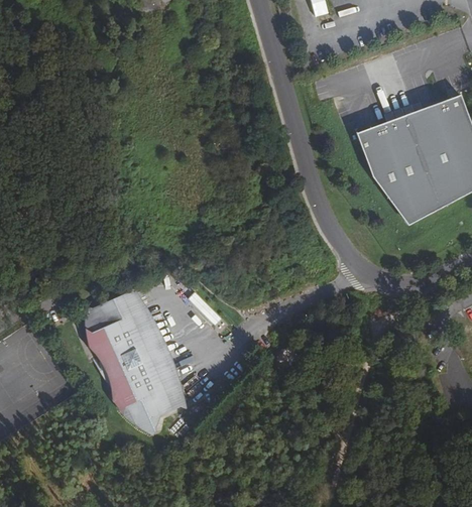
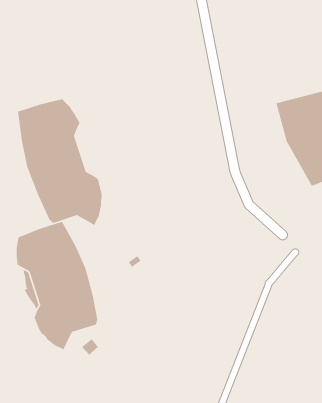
building: none -> [17,98,103,226]

